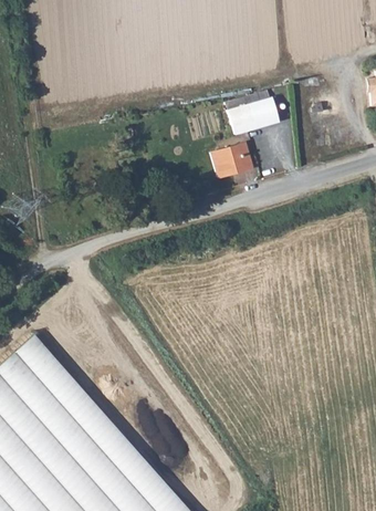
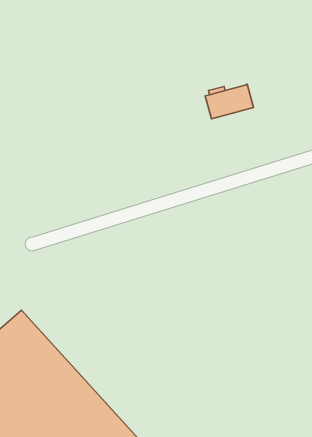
building: [211,144,253,178] -> none

